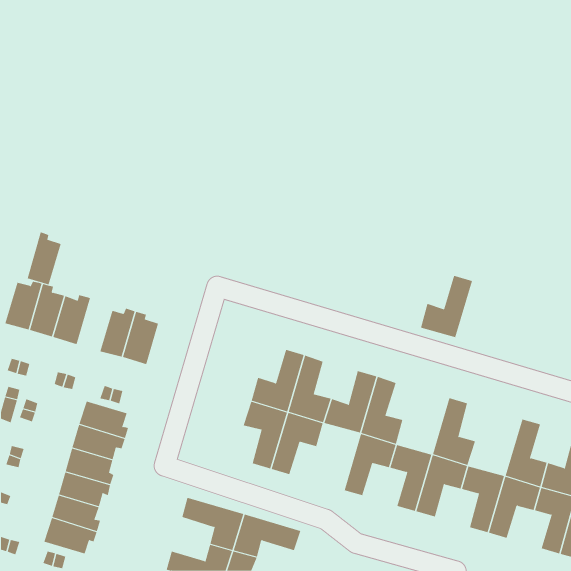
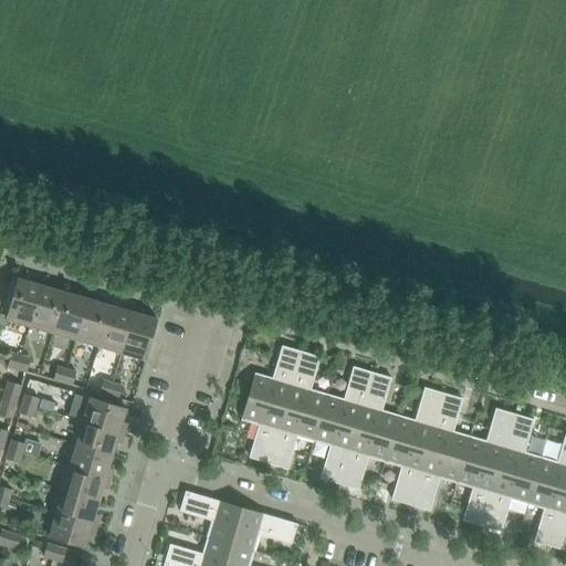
building: [27,232,62,285] -> [77,294,112,347]
building: [420,275,473,338] -> [392,387,444,449]
building: none -> [463,408,516,470]
building: none -> [314,418,357,484]

